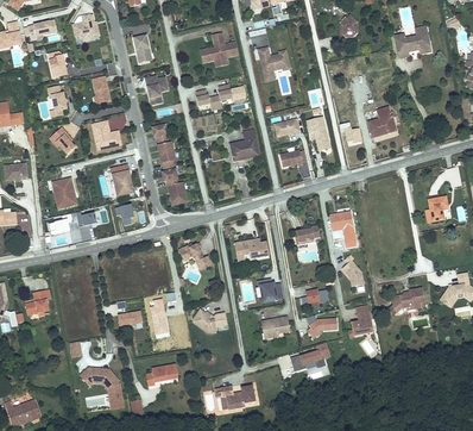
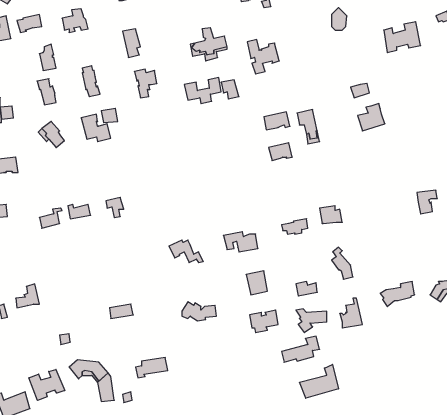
building: [153,124,187,204] -> none
building: [231,130,259,161] -> none
building: [111,164,134,194] -> none
building: [52,176,78,208] -> none
building: none -> [300,364,338,398]
building: none -> [29,369,65,400]
building: [216,385,257,410] -> none

